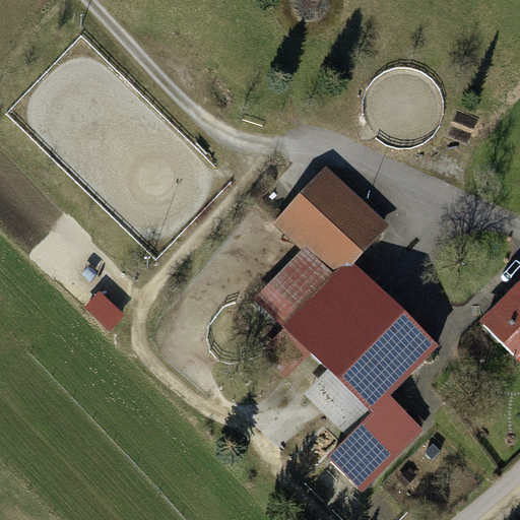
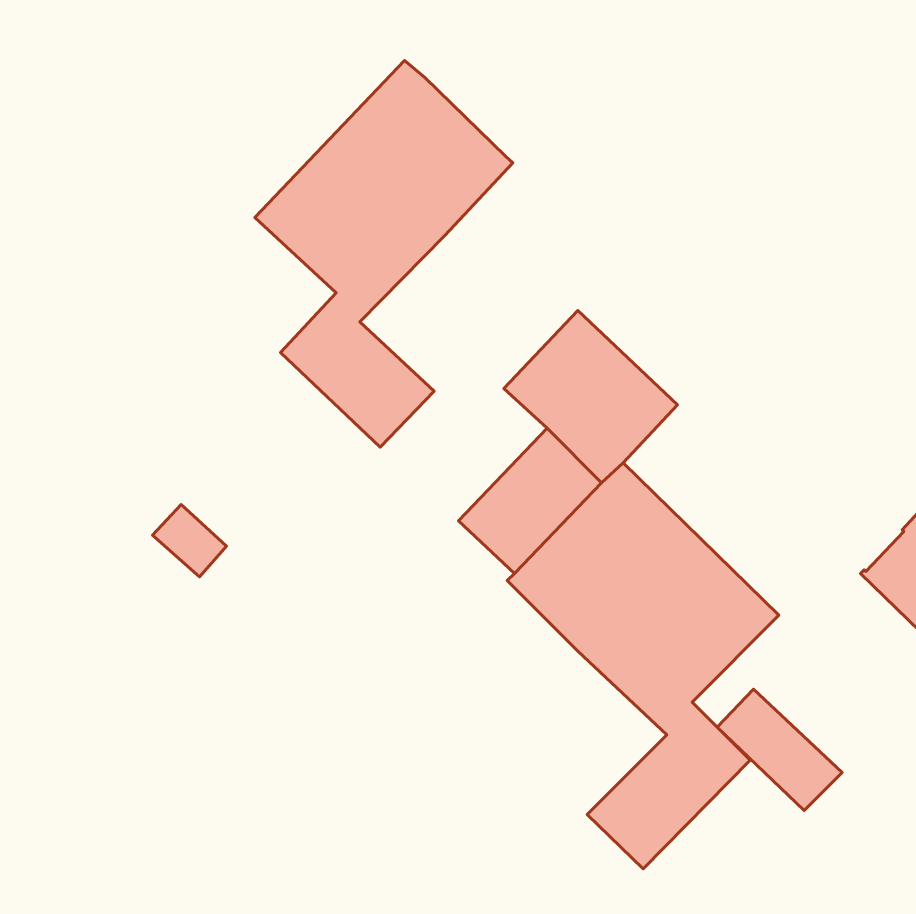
building: none -> [255,61,513,447]
building: [305,367,375,435] -> [717,689,842,811]

